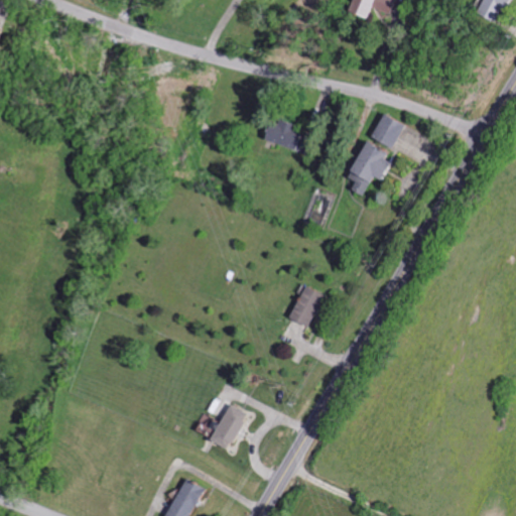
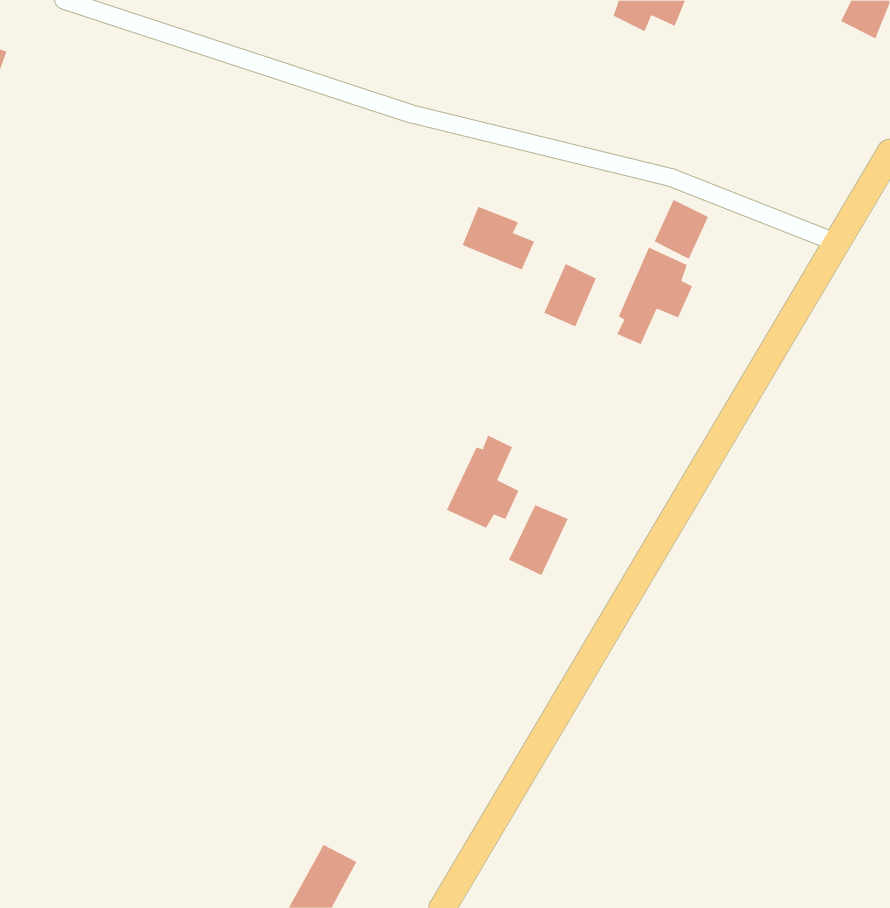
building: none -> [543,263,597,327]
building: none -> [446,435,519,528]
building: [210,406,246,450] -> none

